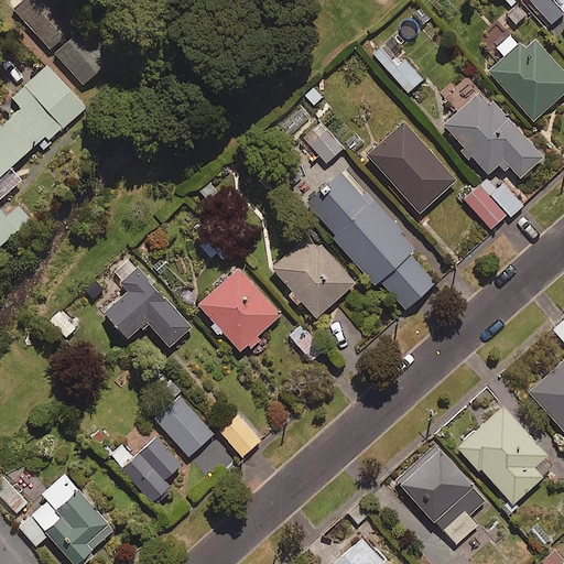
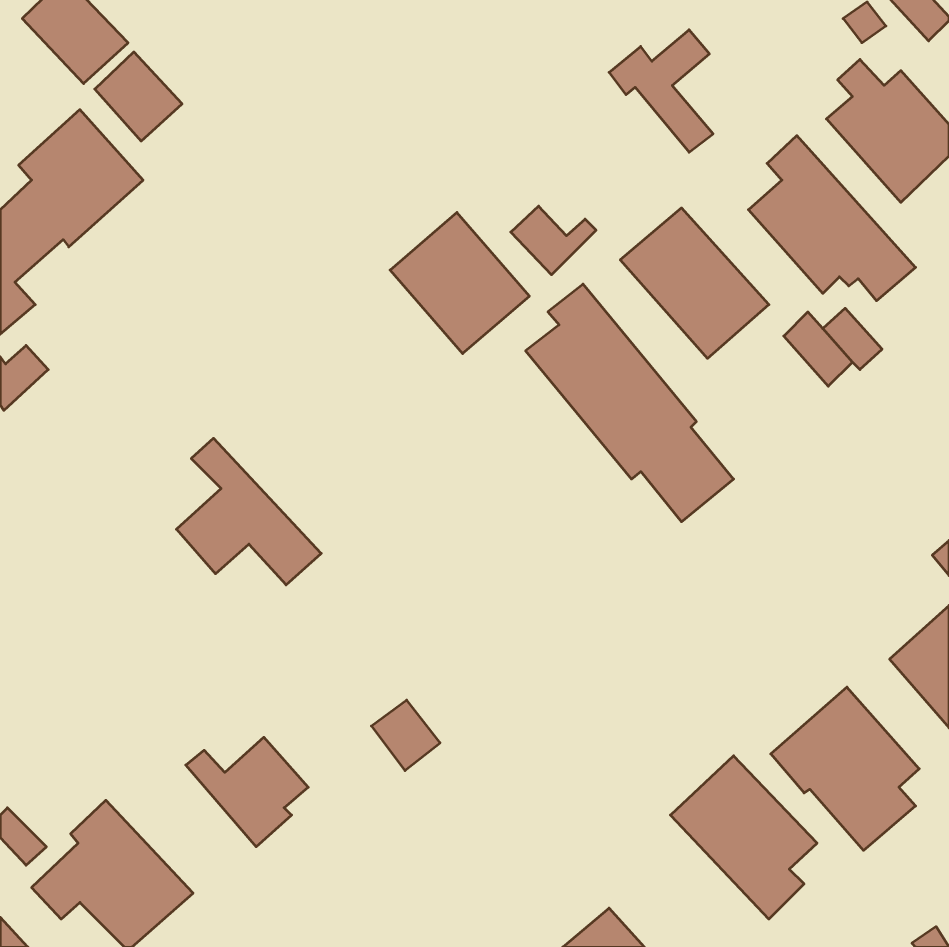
building: [272,234,355,317] -> [390,212,529,354]
building: [198,269,280,351] -> none
building: [154,395,214,456] -> none

